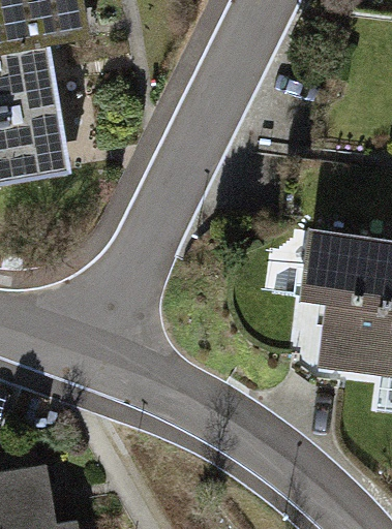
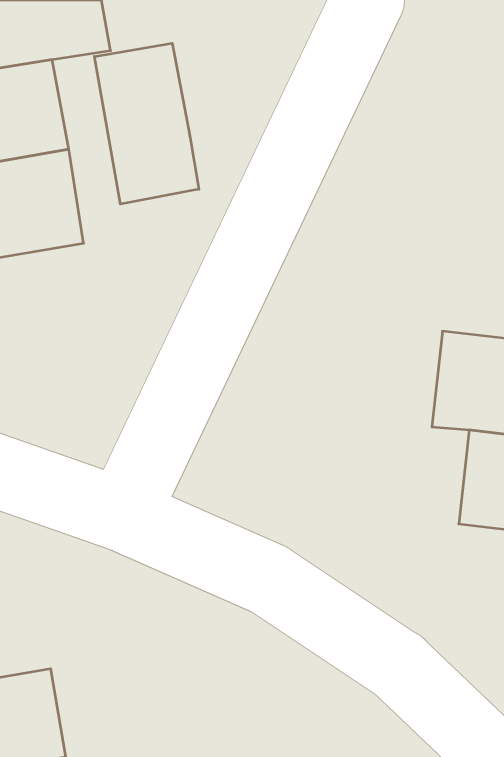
building: none -> [94,43,199,204]

